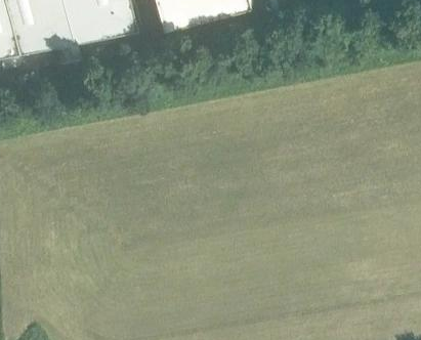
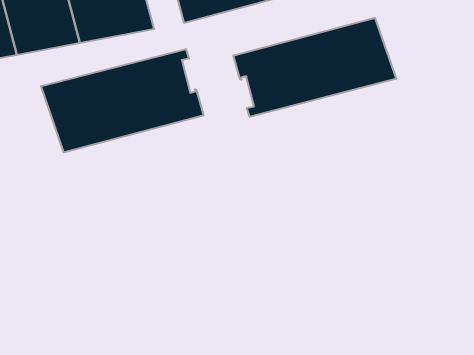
building: none -> [233,18,396,117]
building: none -> [41,49,203,152]

